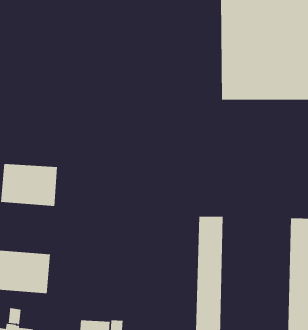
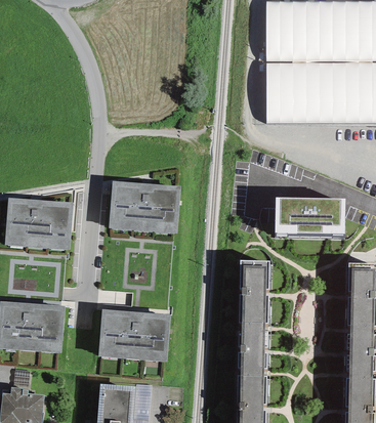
building: none -> [109,180,180,232]
building: none -> [274,197,345,238]
building: none -> [98,308,170,362]

